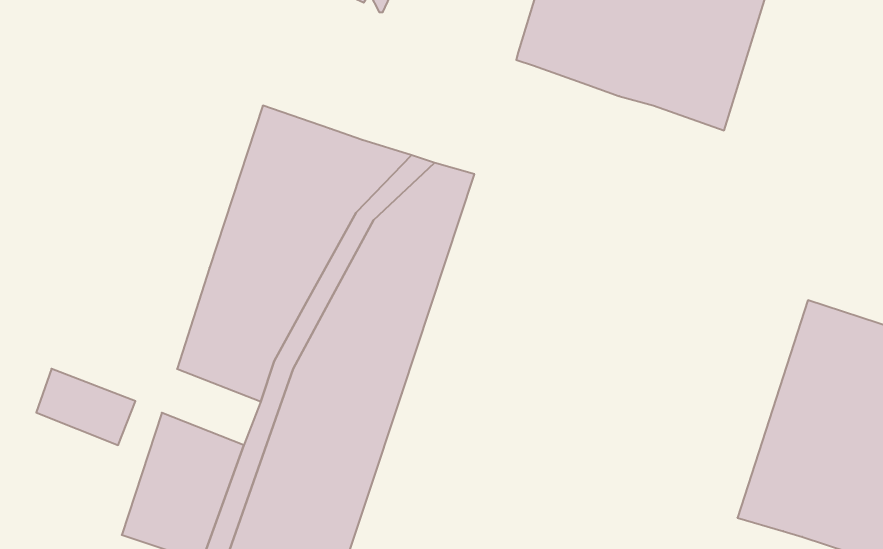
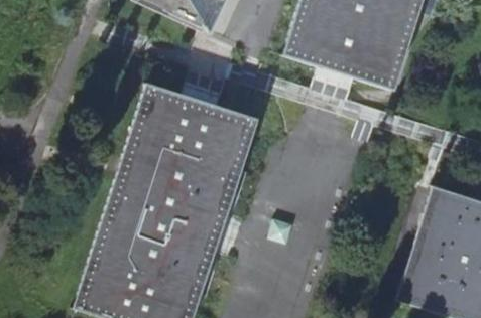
building: [36,369,135,445] -> [94,219,146,260]

